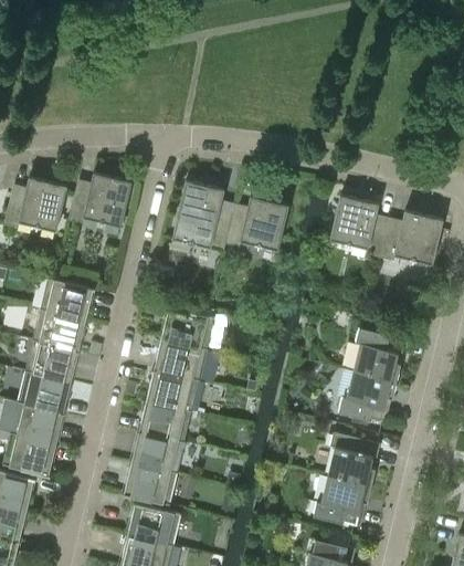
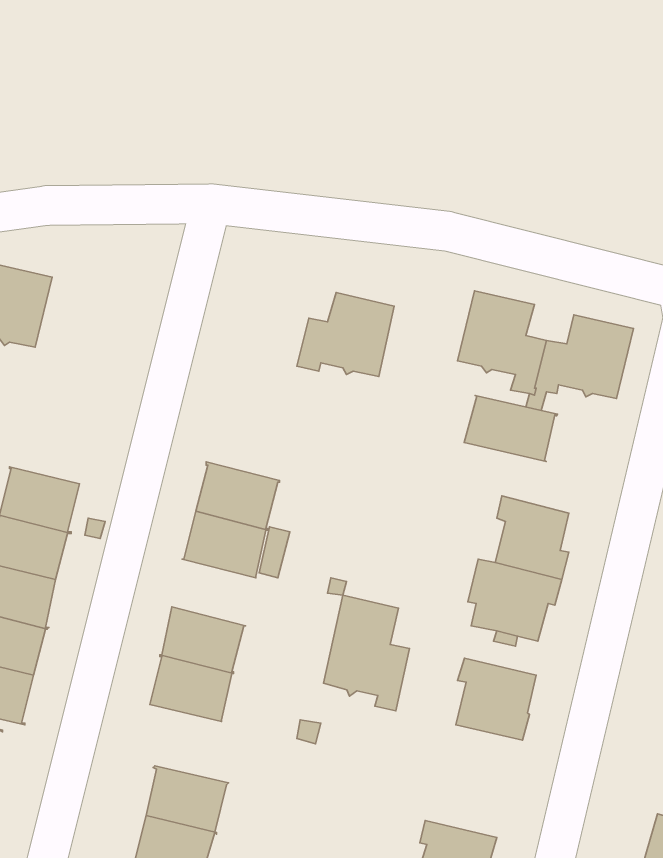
building: [68,174,131,228] -> none
building: [171,181,233,252] -> none
building: none -> [464,395,557,461]
building: [40,277,95,321] -> none
building: [145,369,199,412] -> none
building: none -> [323,595,410,711]
building: [122,463,177,506] -> none
building: [313,476,371,528] -> none

